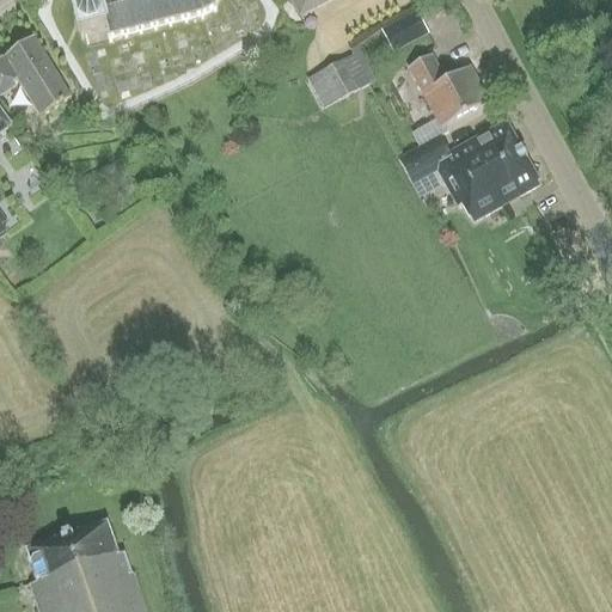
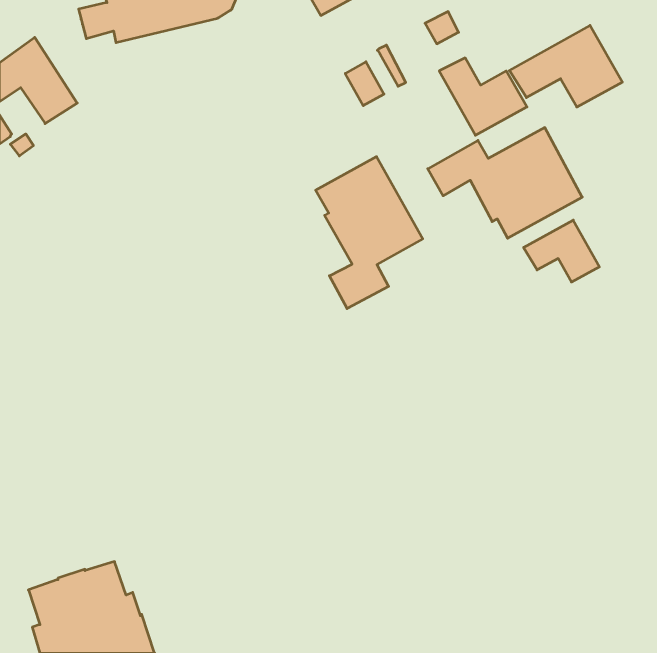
building: none -> [509,25,622,107]
building: none -> [316,157,423,309]
building: none -> [524,220,599,282]

